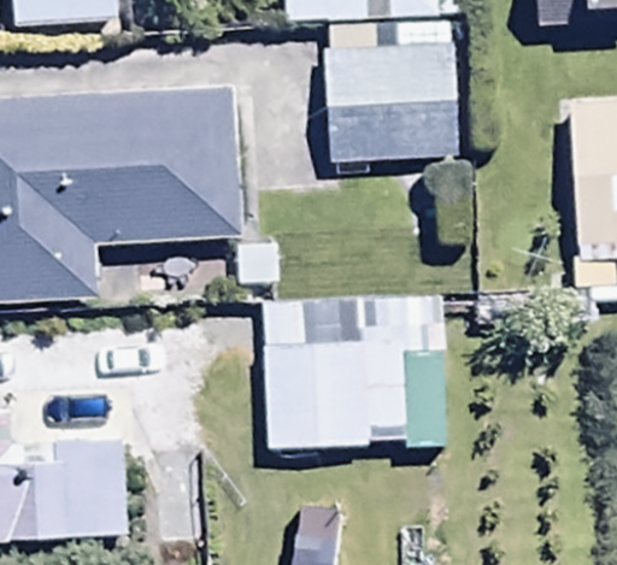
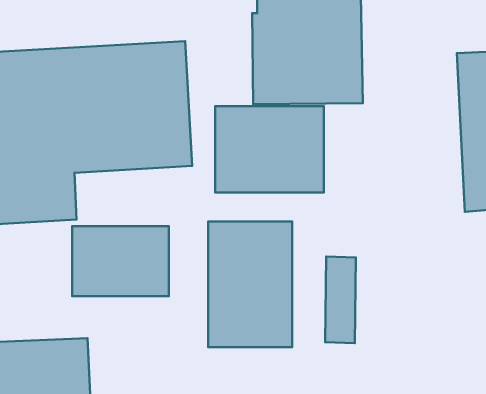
building: none -> [215,106,324,193]
building: none -> [72,226,169,296]

